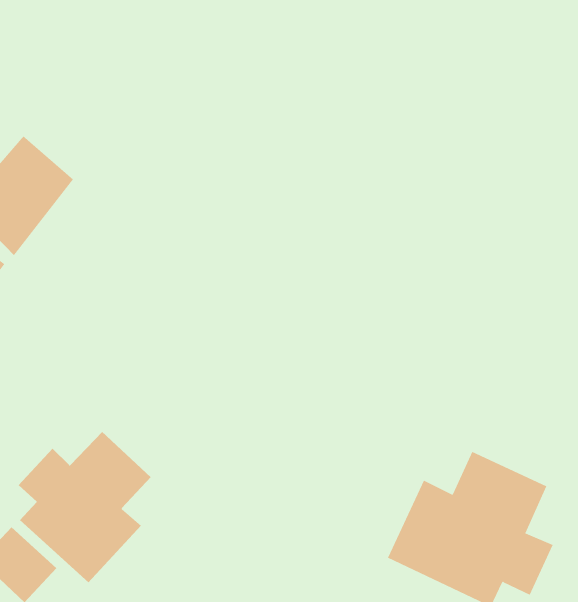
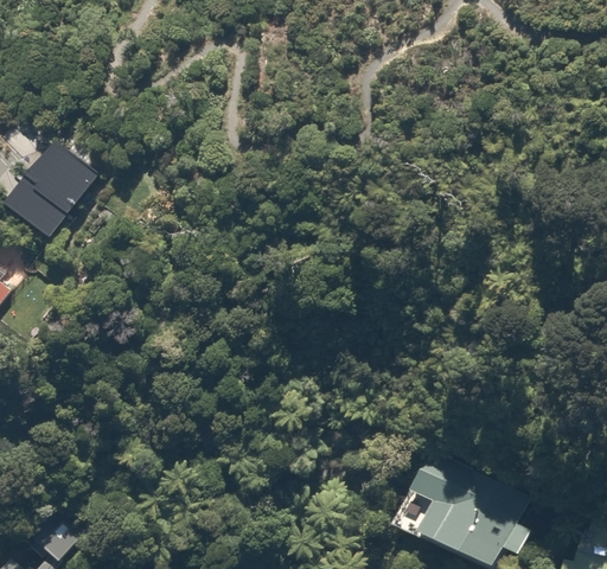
building: [18,431,152,583] -> none

